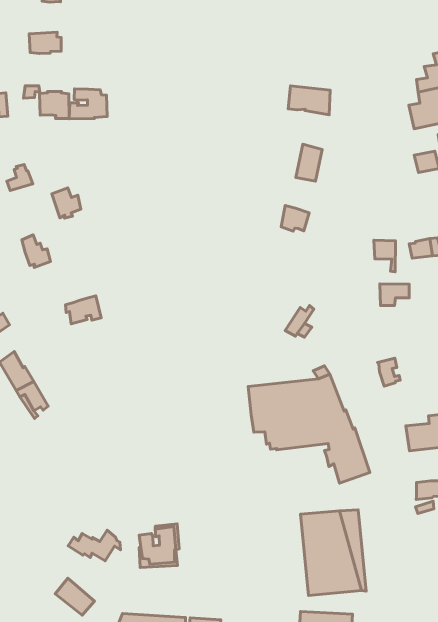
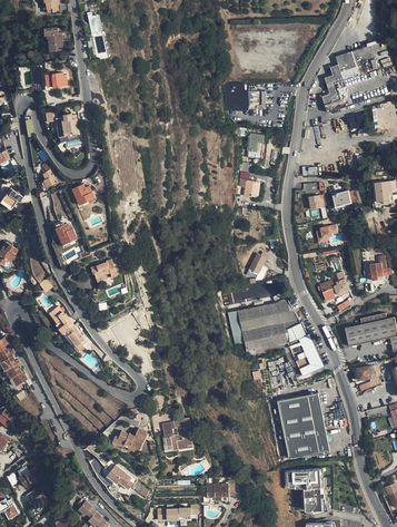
building: [69,89,107,119] -> none

